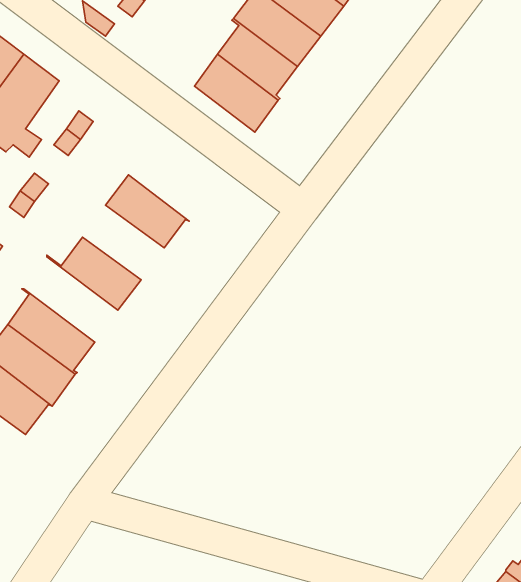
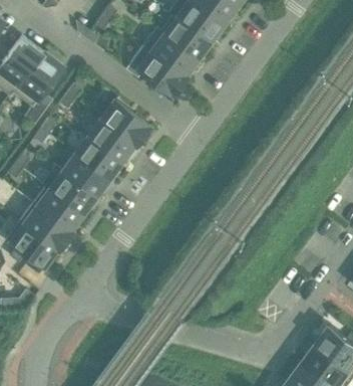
building: none -> [102,102,150,146]
building: none -> [76,137,122,179]
building: none -> [43,166,96,214]

